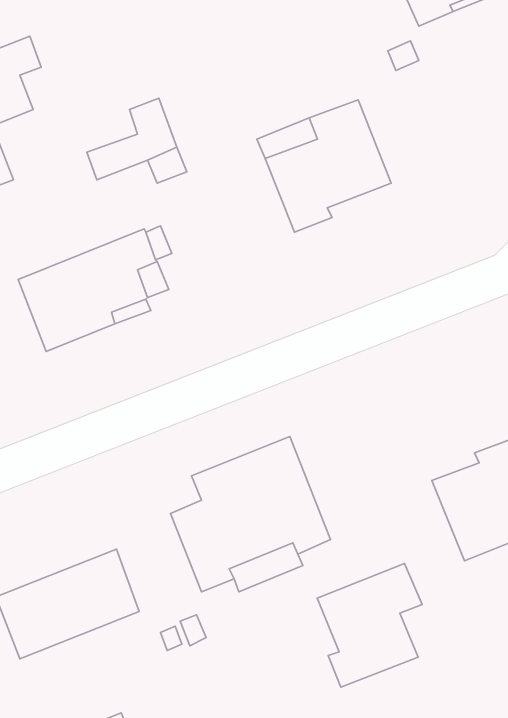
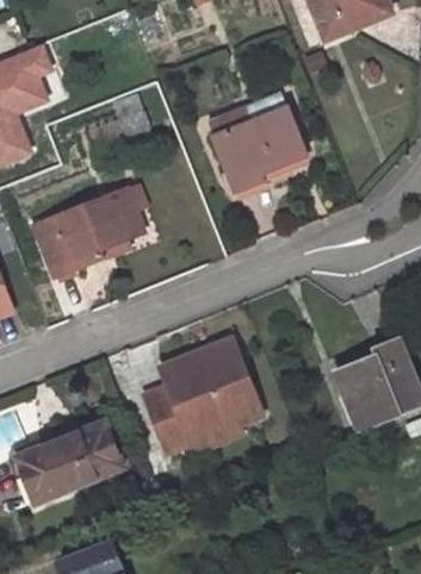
building: [317,564,422,687] -> none

